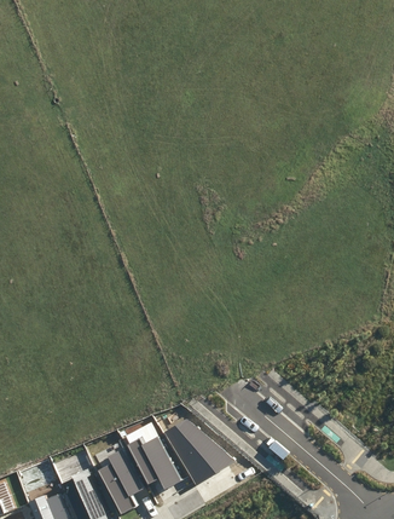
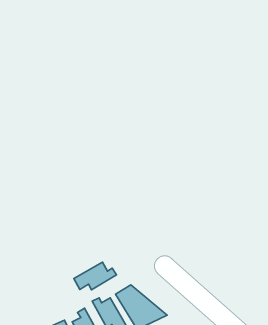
building: none -> [74,262,117,290]

